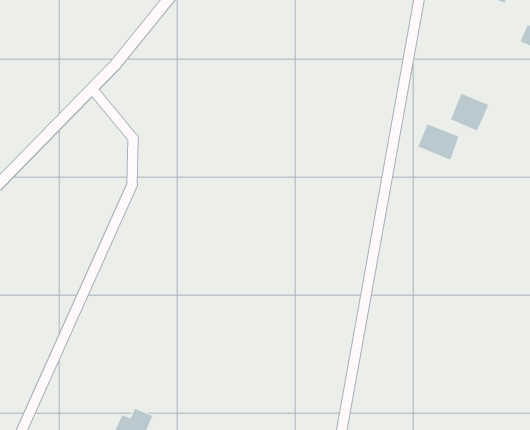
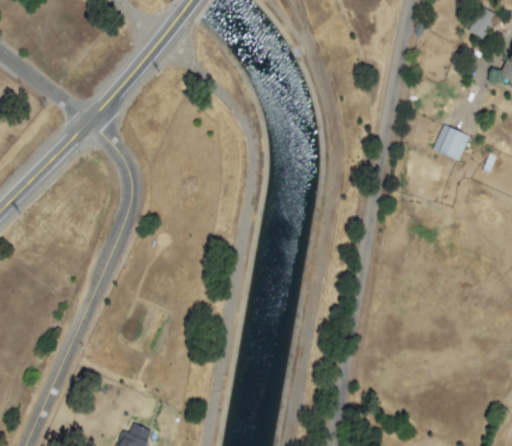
building: [417,123,459,160] -> none

